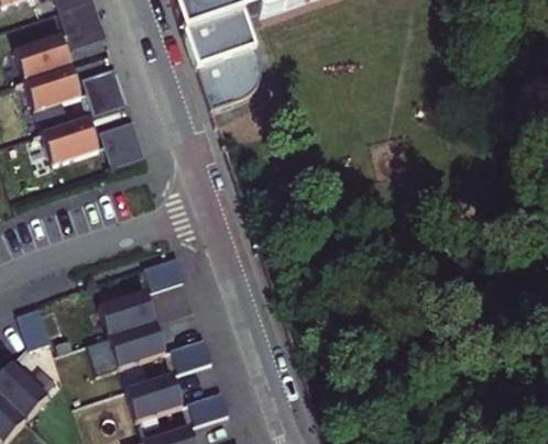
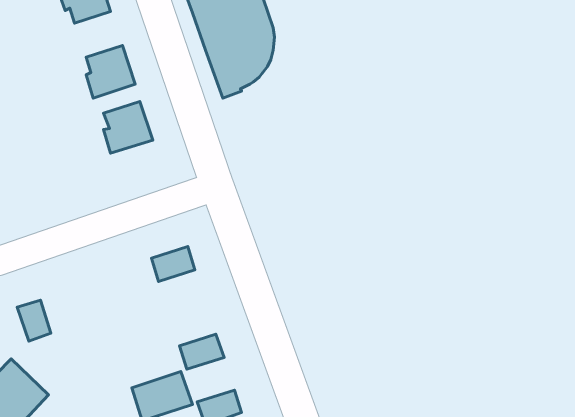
building: [17,32,84,108] -> none
building: [43,114,100,159] -> none
building: [99,287,166,365] -> none

